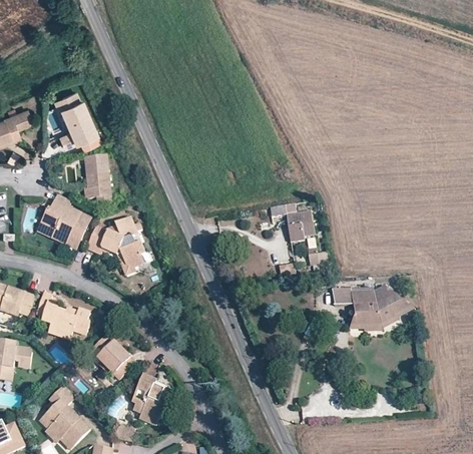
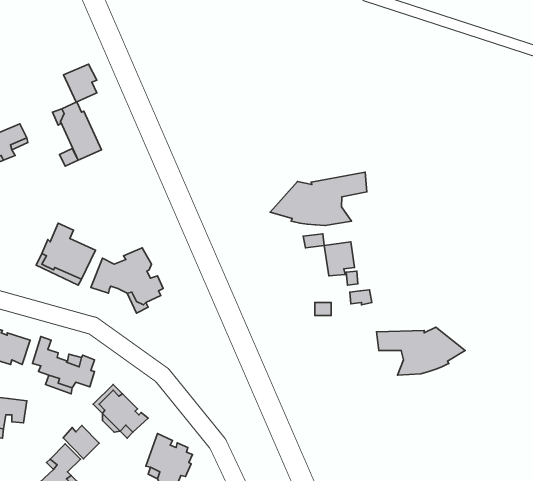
building: none -> [64,64,97,102]
building: none -> [270,172,367,225]
building: [85,155,111,204] -> none
building: [349,304,413,332] -> none
building: none -> [63,426,99,459]

